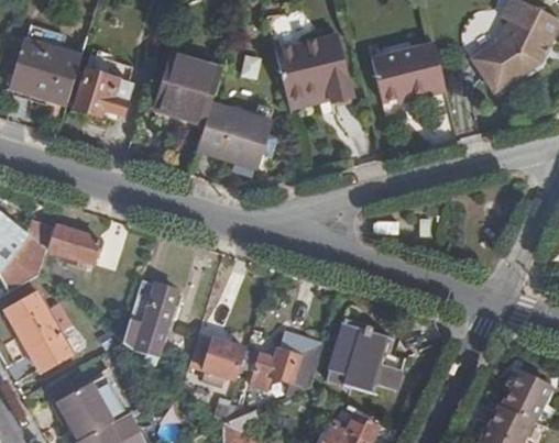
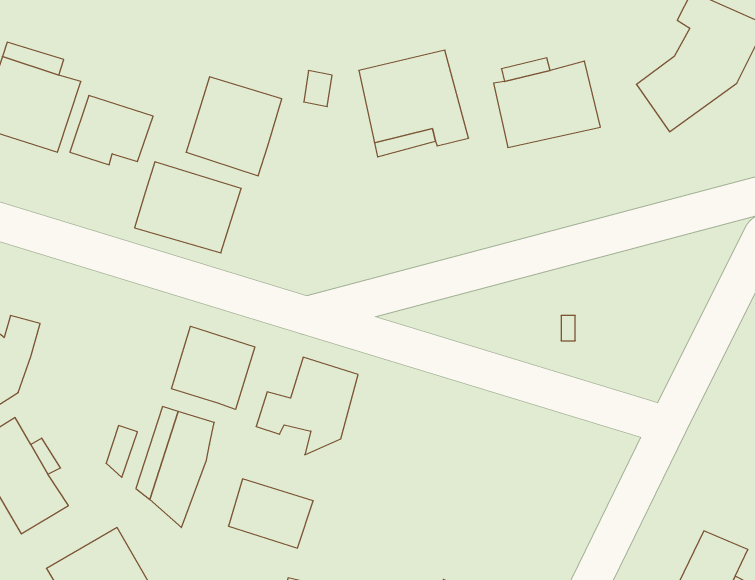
building: [198,102,273,166] -> [135,162,241,253]
building: [46,226,98,268] -> none
building: none -> [171,326,255,409]
building: [326,318,406,396] -> none
building: [250,329,321,397] -> [256,357,358,455]

